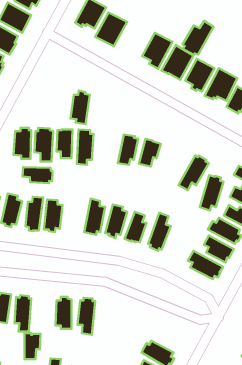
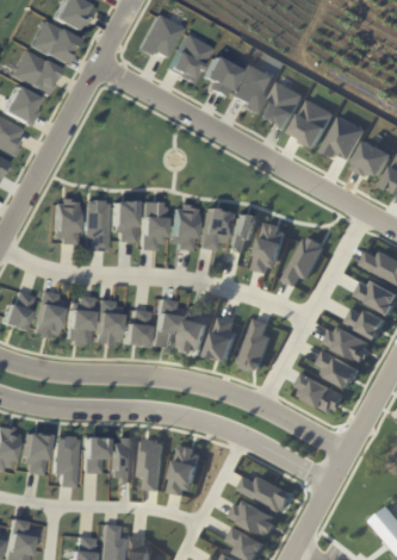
building: [183,21,214,55] -> none
building: none -> [206,56,242,98]
building: [70,91,90,124] -> [172,203,199,250]
building: [22,167,52,183] -> none
building: [200,175,223,210] -> [258,223,291,273]
building: none -> [125,309,151,346]
building: none -> [173,444,205,496]
building: none -> [243,475,296,512]
building: [25,333,41,359] -> [86,436,108,473]

